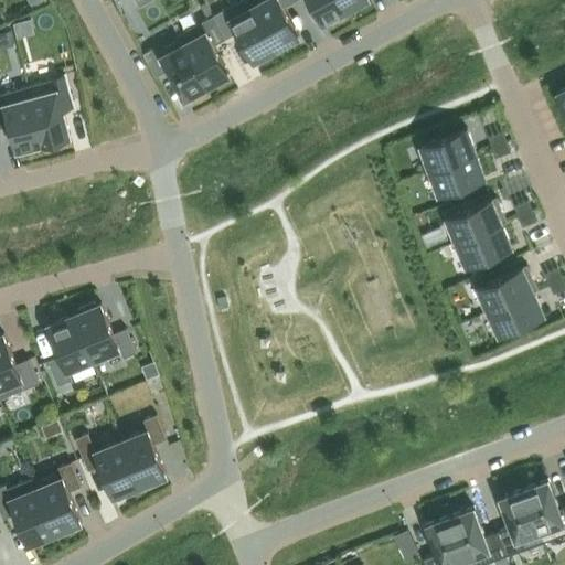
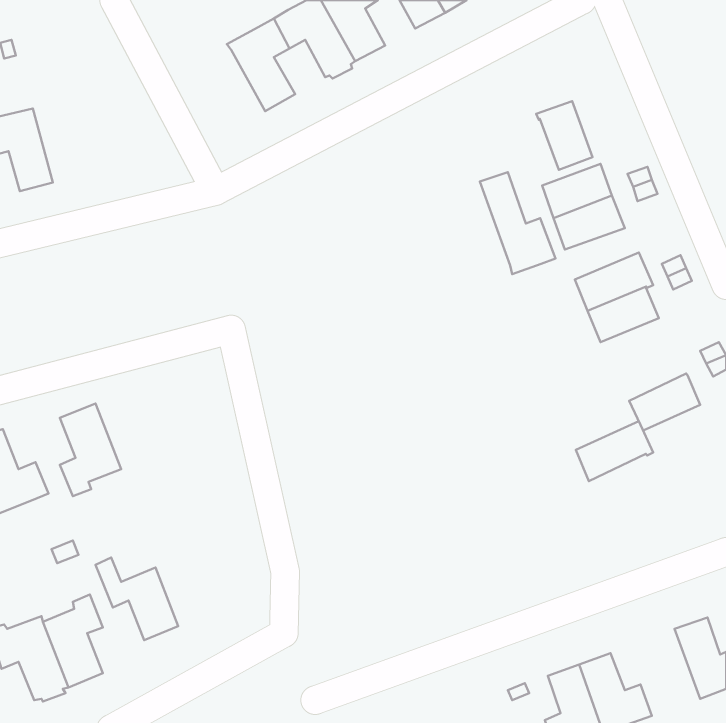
building: [141,43,205,103] -> none
building: [25,78,71,146] -> none
building: none -> [536,101,593,170]
building: none -> [480,172,555,274]
building: [477,268,536,315] -> [576,421,653,481]
building: [74,306,135,367] -> none
building: [120,417,166,489] -> none
building: [495,491,542,558] -> none

